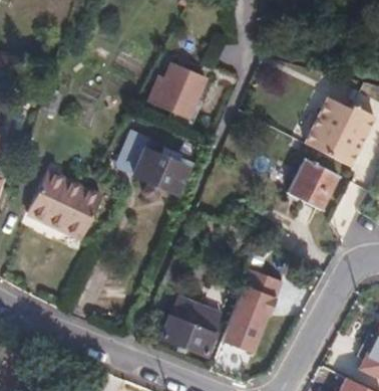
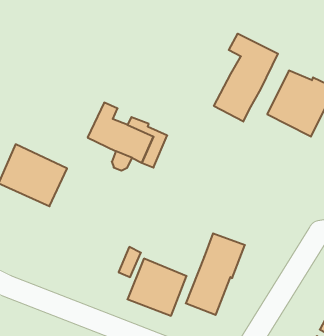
building: none -> [214,34,278,122]
building: [154,63,208,118] -> none
building: [288,157,340,208] -> none

